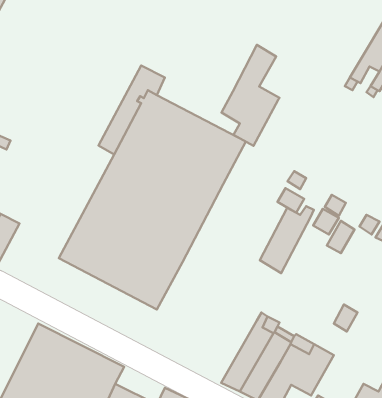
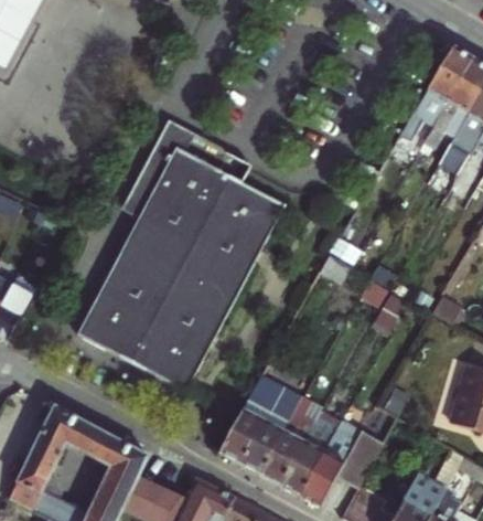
building: [221,45,279,146] -> none
building: [260,206,314,273] -> none
building: none -> [217,383,297,474]

